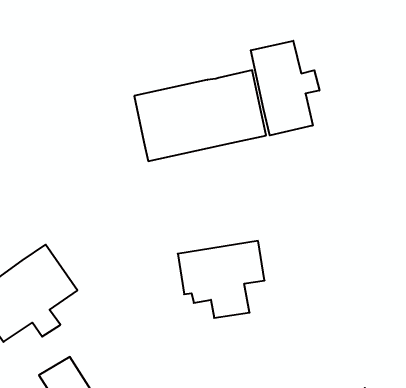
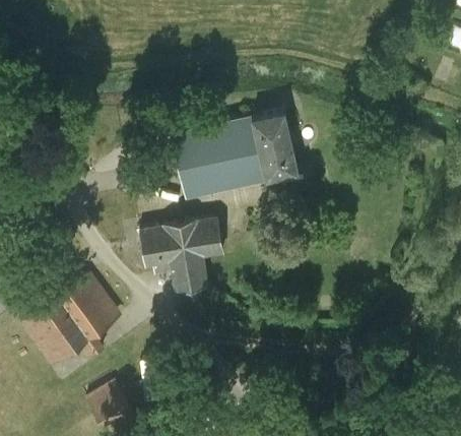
building: [251,41,319,135] -> none
building: [178,241,265,318] -> [139,220,221,293]

